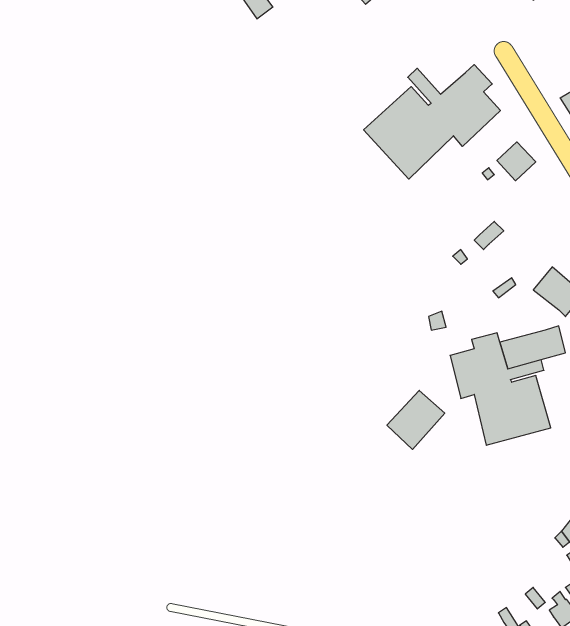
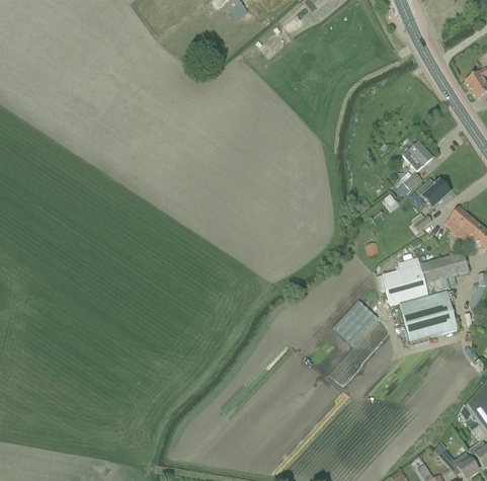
building: [364,65,500,179] -> none
building: [497,142,536,181] -> [403,141,432,170]
building: none -> [417,179,451,208]

